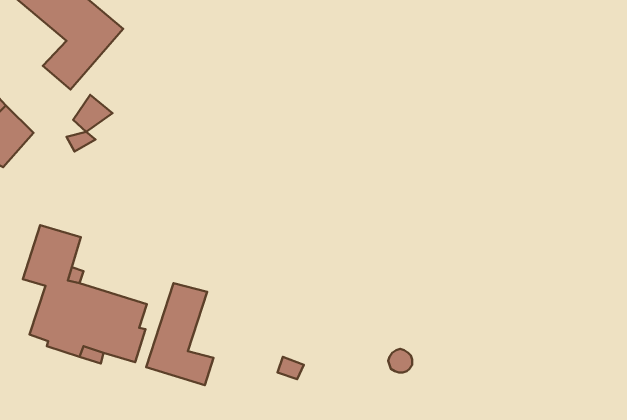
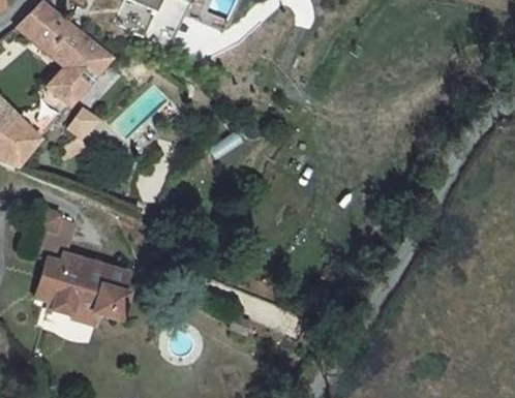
building: [146,283,213,385] -> none

